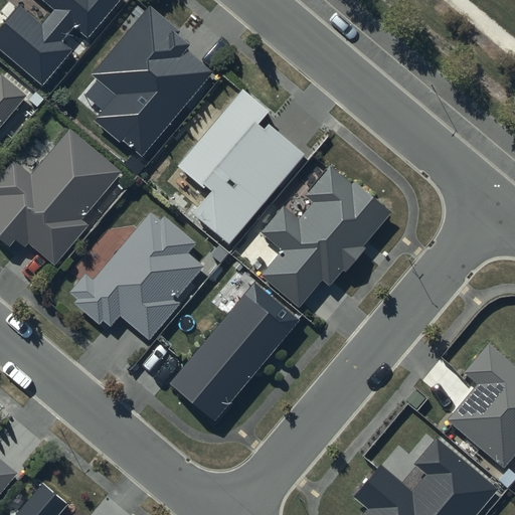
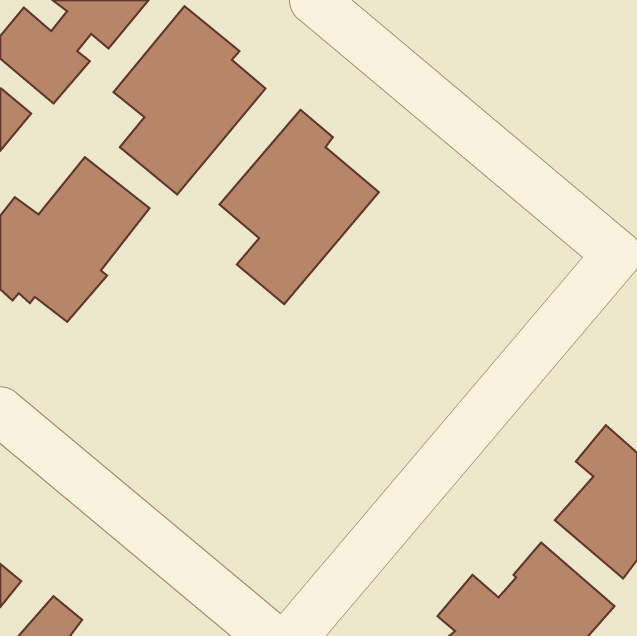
building: [260,166,389,308] -> none
building: [70,212,203,336] -> none
building: [171,283,300,421] -> none

